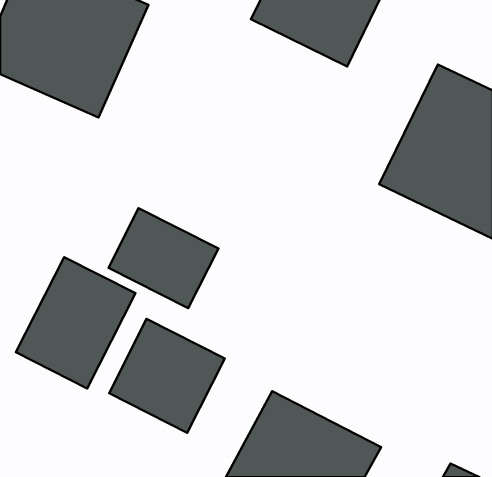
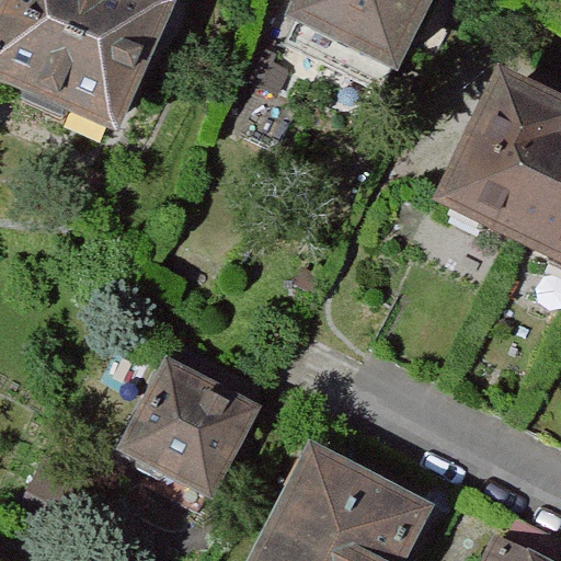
building: [108,208,218,308] -> none
building: [16,257,136,388] -> none

